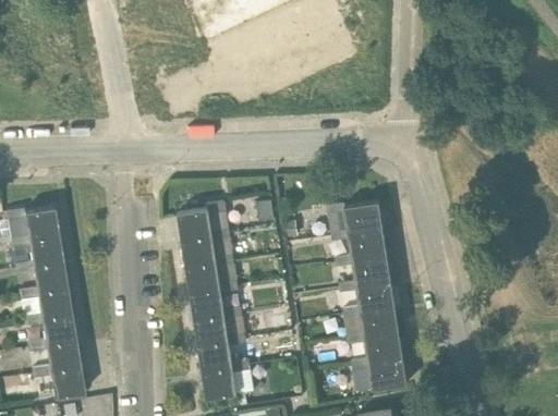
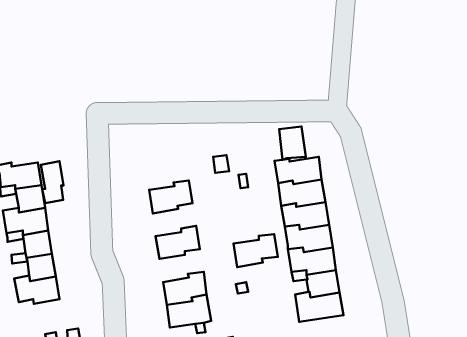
building: none -> [279,126,306,160]
building: [178,204,228,241] -> none
building: none -> [41,161,63,203]
building: [186,256,236,294] -> none
building: [194,309,245,347] -> [234,234,278,267]
building: [32,367,83,402] -> none

